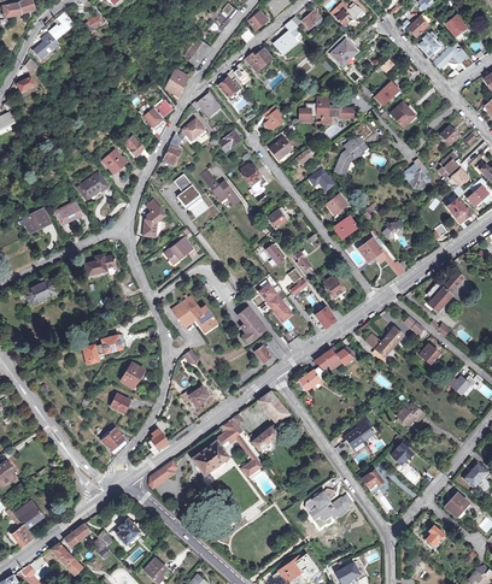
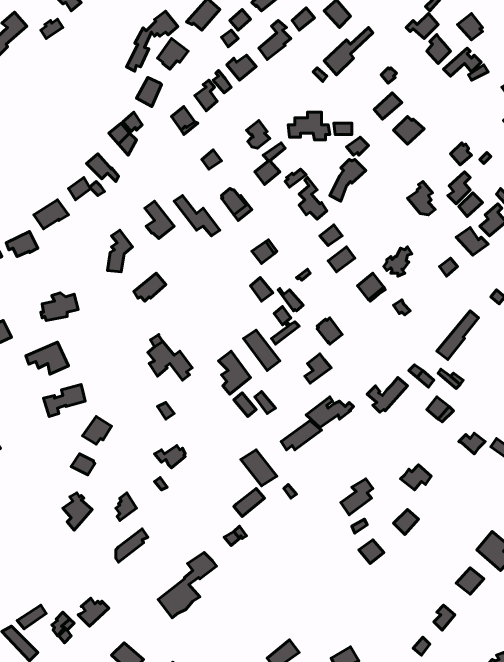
building: [162,117,206,169] -> [127,11,178,71]
building: none -> [26,342,69,374]
building: [193,417,244,473] -> [158,552,217,618]
building: [306,488,352,525] -> none

